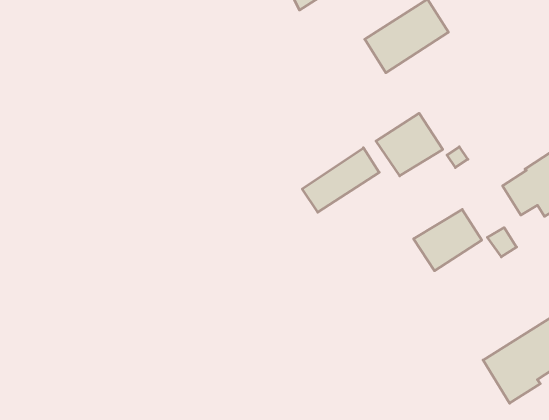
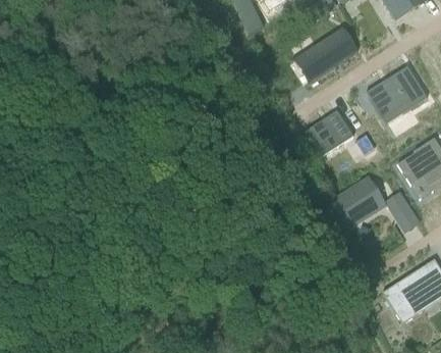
building: none -> [366,65,427,123]
building: [302,148,379,212] -> none

